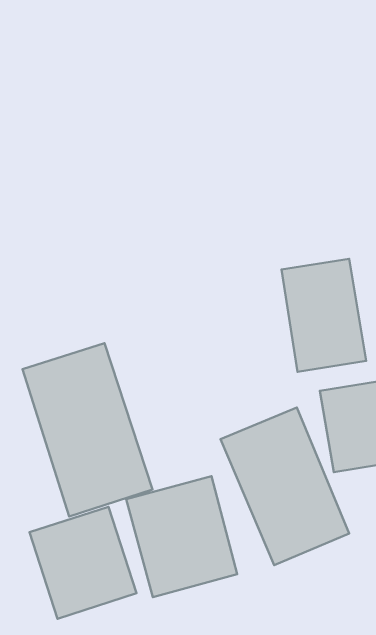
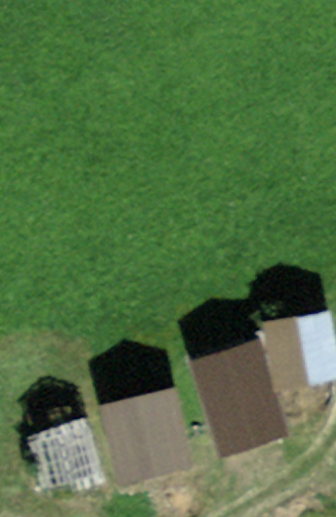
building: [281,259,366,372] -> none
building: [22,343,152,516] -> none

